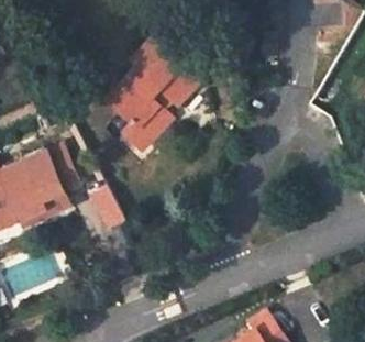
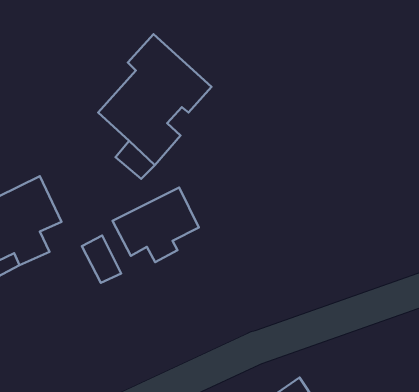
building: none -> [113,188,199,262]

